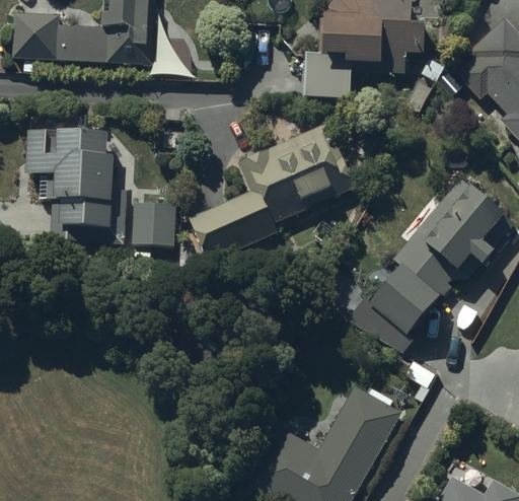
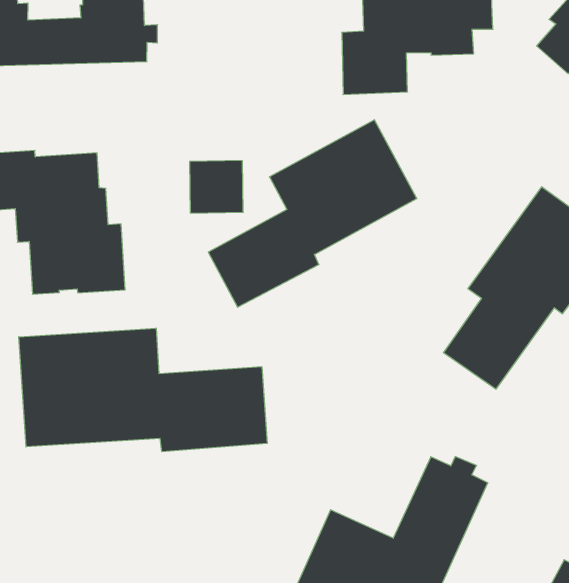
building: [133,197,176,239] -> [190,161,243,213]
building: none -> [19,328,267,452]

